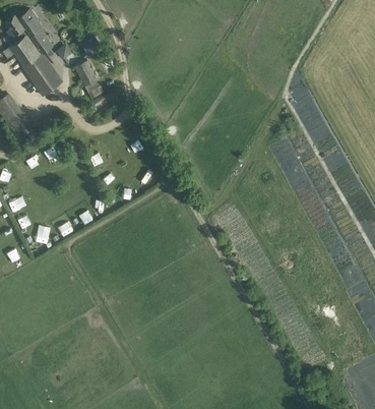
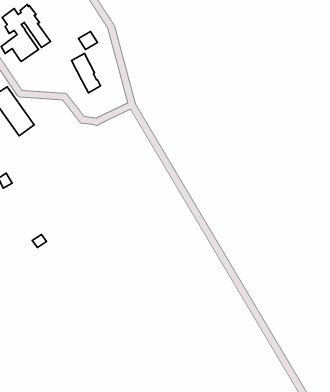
building: [22,53,63,95] -> none

